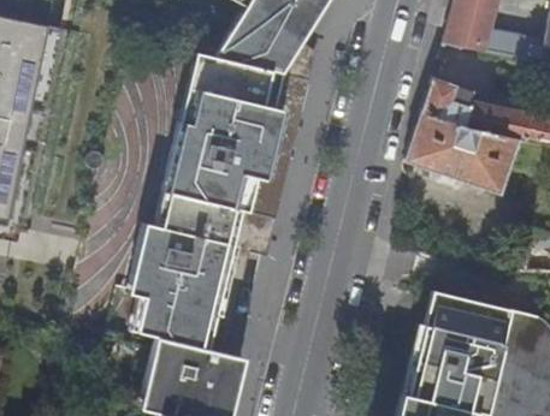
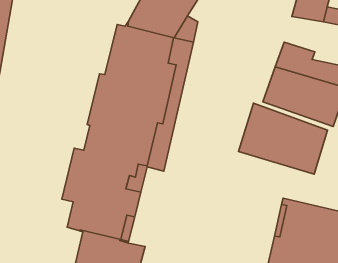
building: none -> [238,103,327,174]

